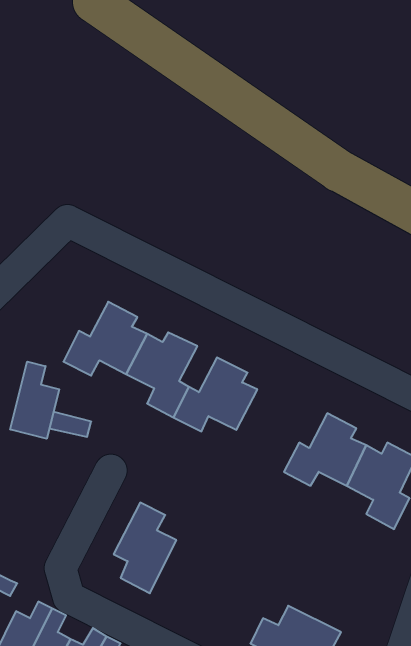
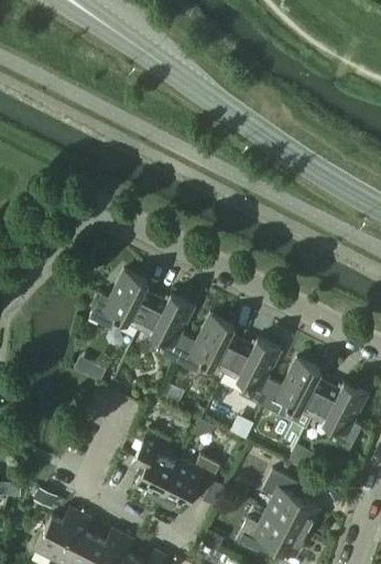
building: [10,362,59,439] -> none
building: none -> [225,337,280,404]
building: none -> [156,454,219,512]
building: none -> [262,467,318,531]

